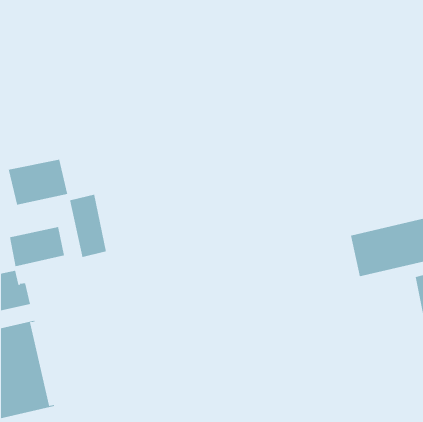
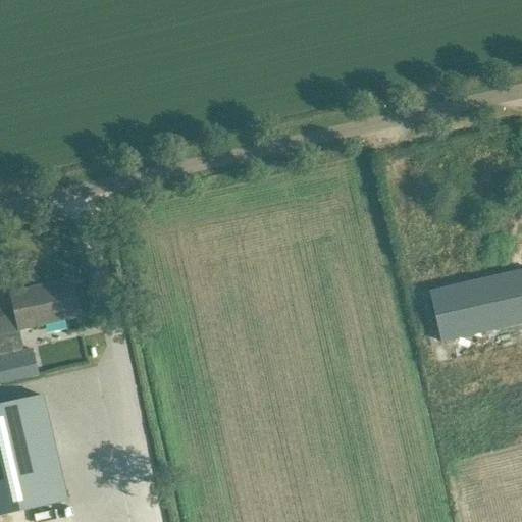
building: [8,159,68,206] -> none
building: [70,194,106,258] -> none

